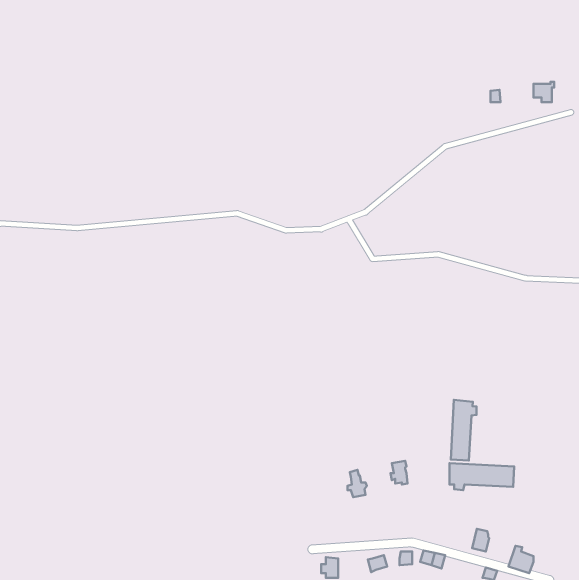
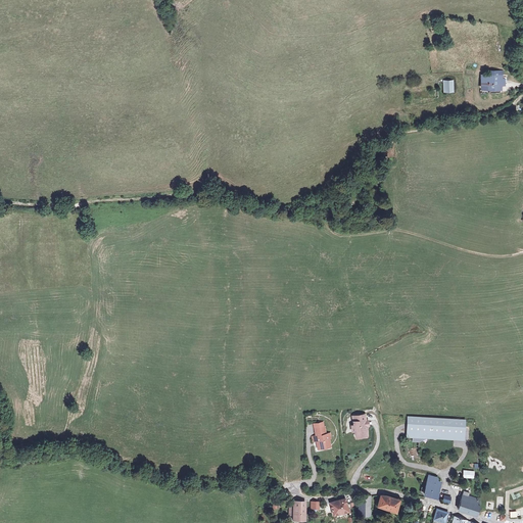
building: [451,400,477,460] -> none

